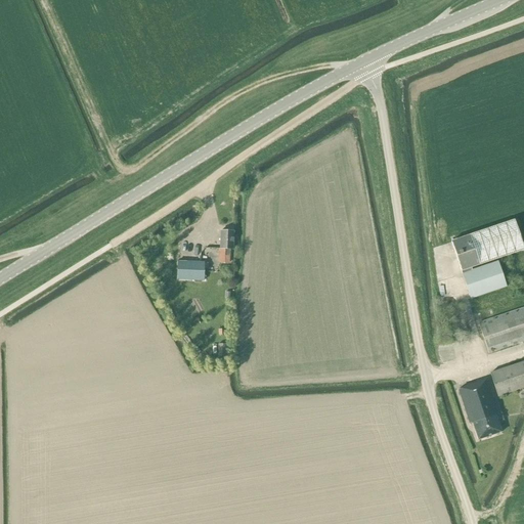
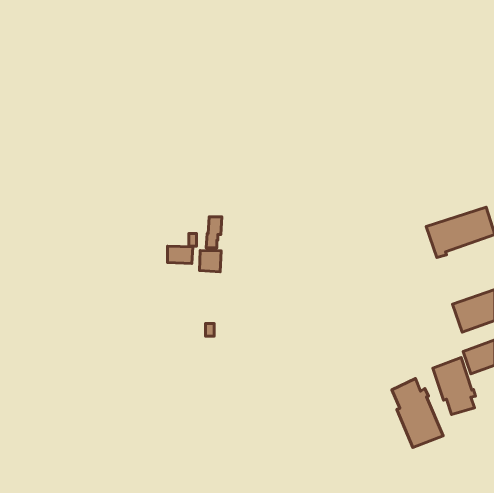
building: [463,260,507,297] -> none
building: none -> [200,250,221,272]
building: none -> [392,378,443,447]

